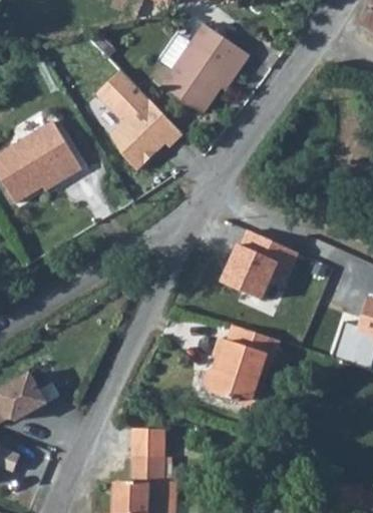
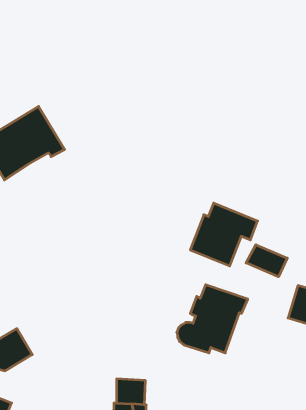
building: [158,24,248,114] -> none
building: [92,72,179,175] -> none
building: none -> [246,245,287,277]

